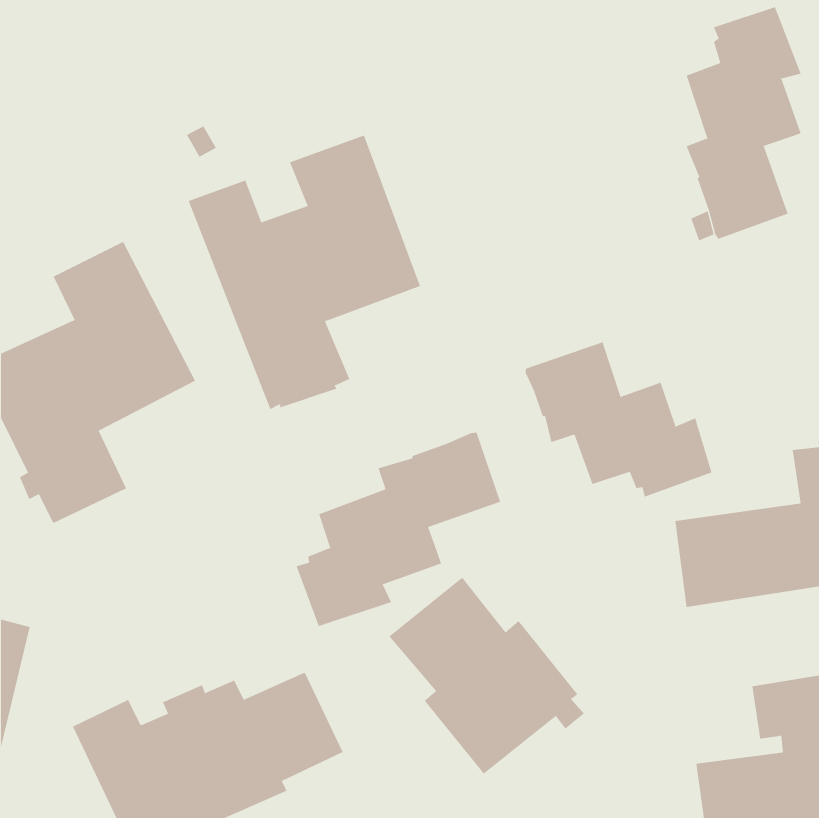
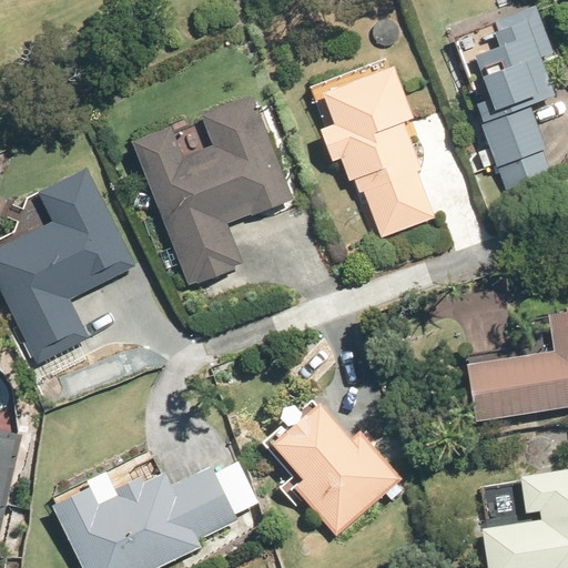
building: none -> [320,67,436,237]
building: [525,342,712,498] -> none
building: [296,432,501,627] -> none

